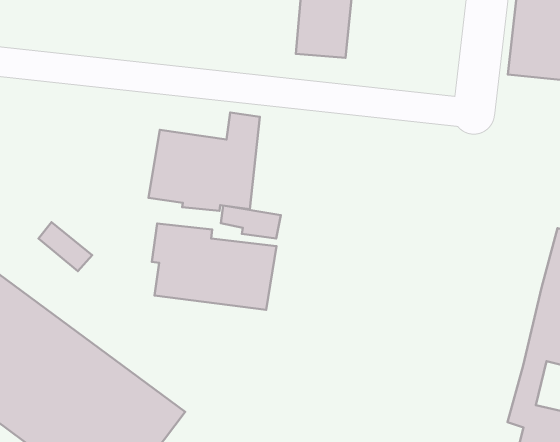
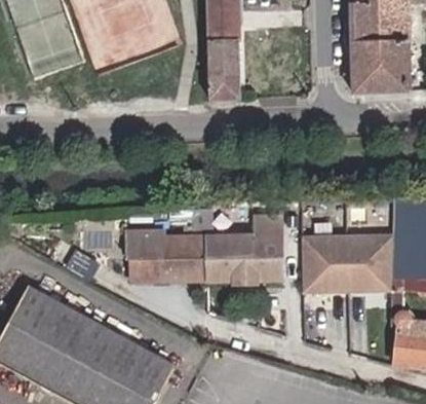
building: [149,113,260,211] -> [211,218,281,287]
building: none -> [306,238,396,294]

